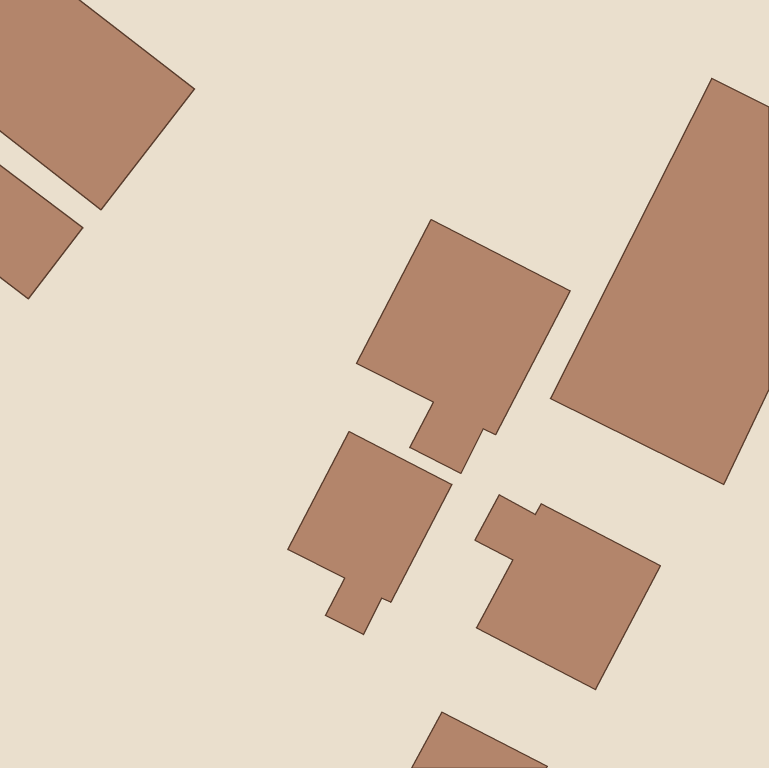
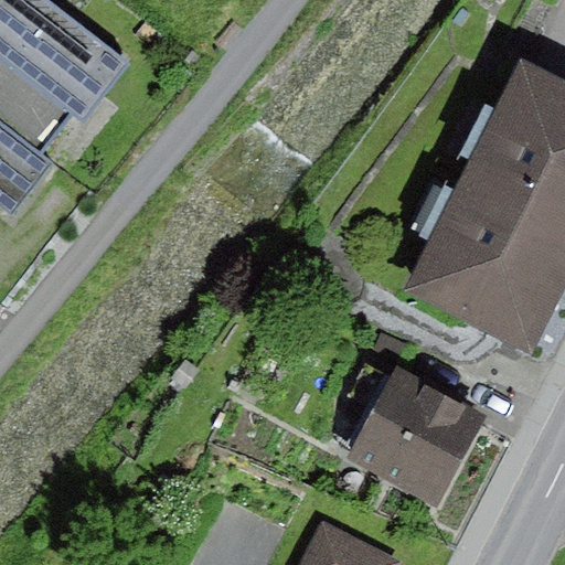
building: [357,220,570,473] -> none
building: [288,432,452,635] -> none

